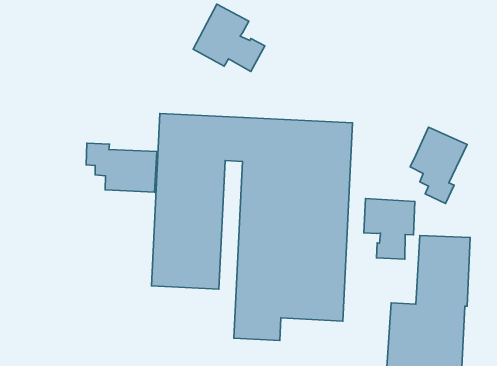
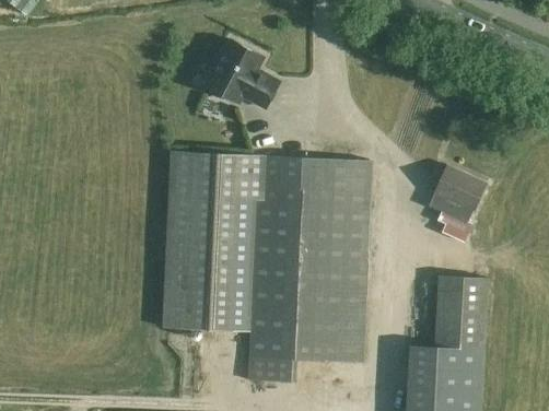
building: [86,143,157,192] -> none
building: [364,199,415,259] -> none

